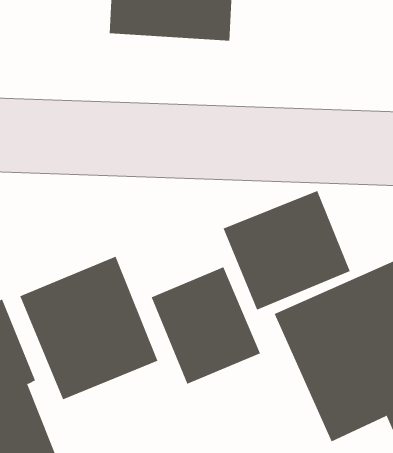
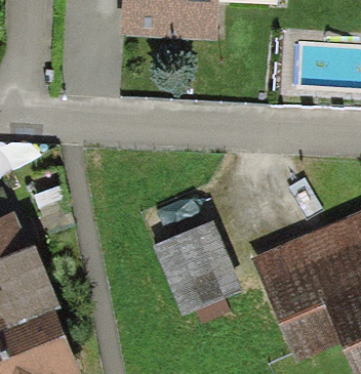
building: [223,190,351,310] -> none
building: [20,256,158,400] -> none

